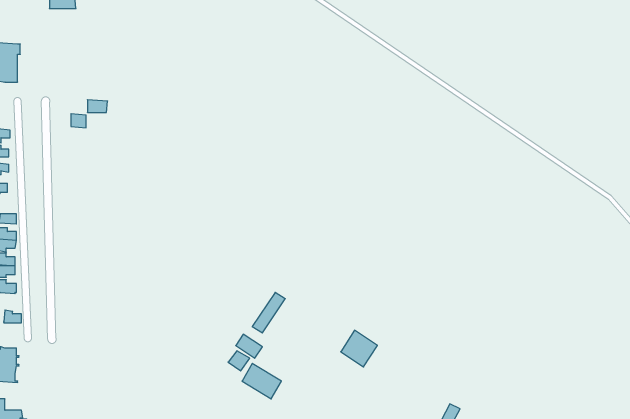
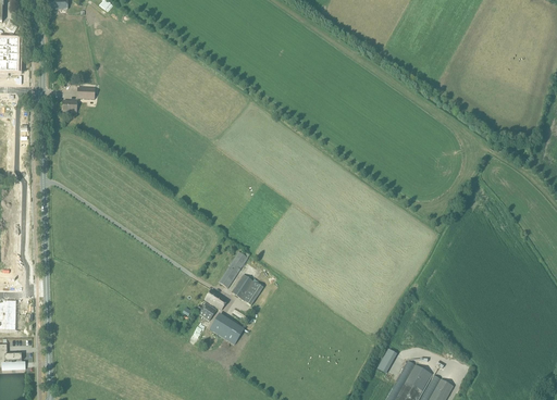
building: [341,330,377,367] -> [230,274,261,305]

